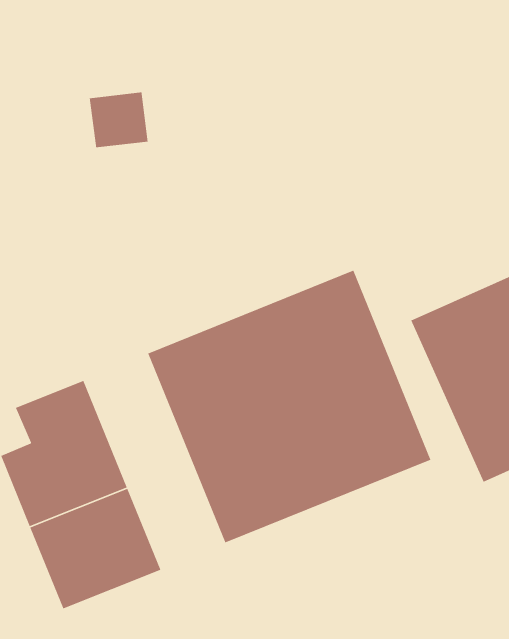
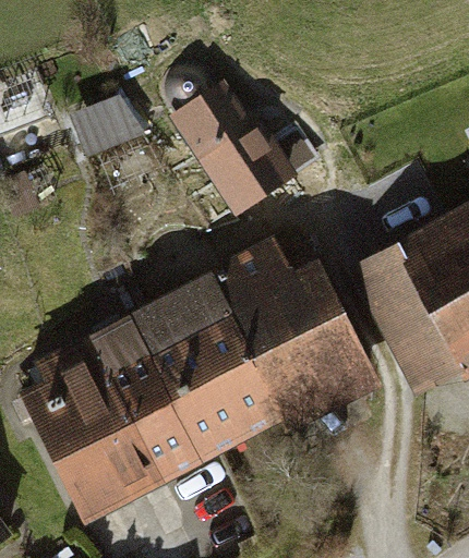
building: none -> [158,60,304,216]
building: none -> [87,308,212,487]

